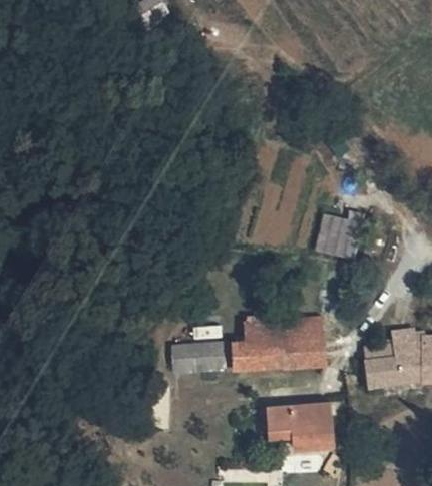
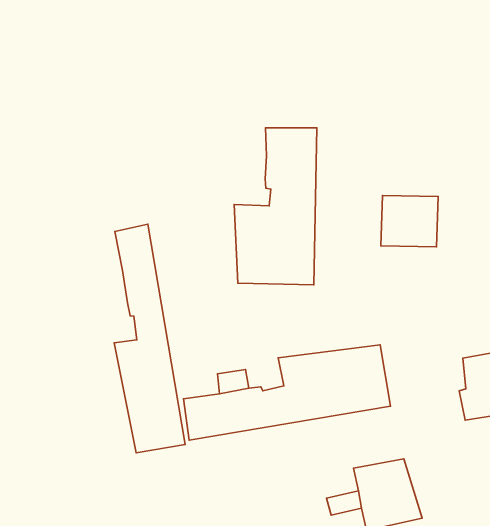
building: none -> [234,128,317,285]
building: none -> [114,224,185,453]

